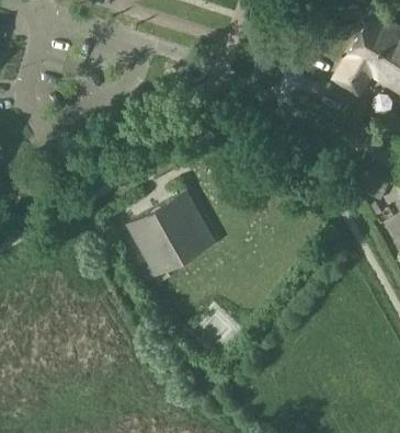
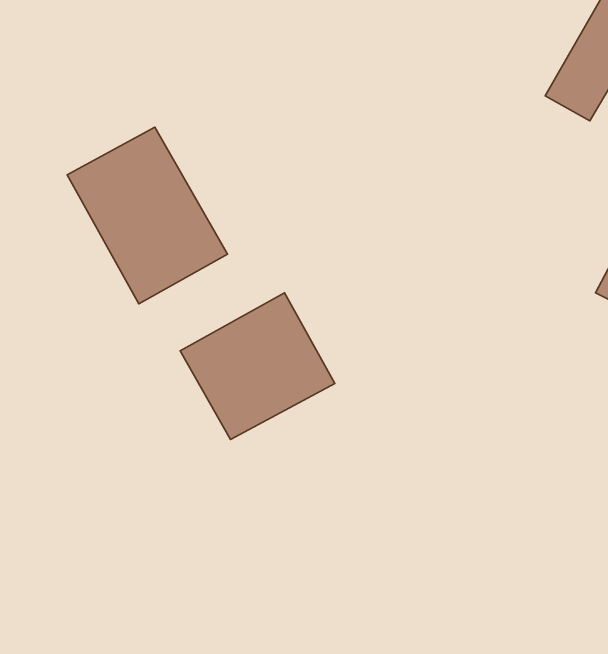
building: none -> [67,127,227,304]

